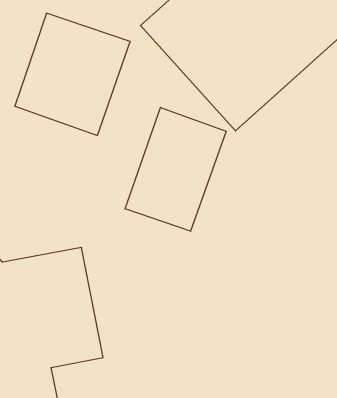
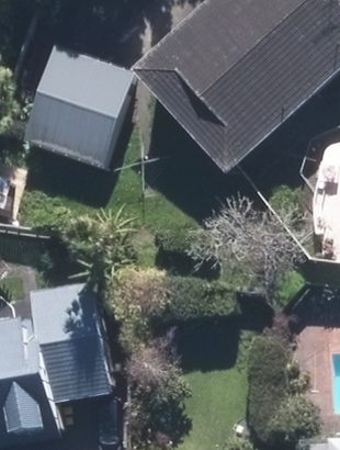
building: [125,107,226,231] -> none

